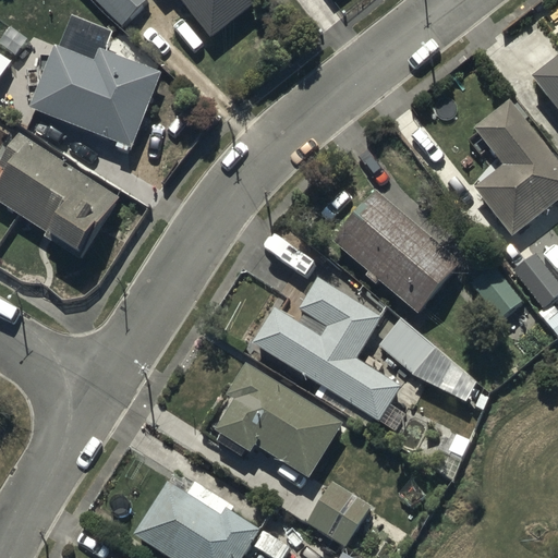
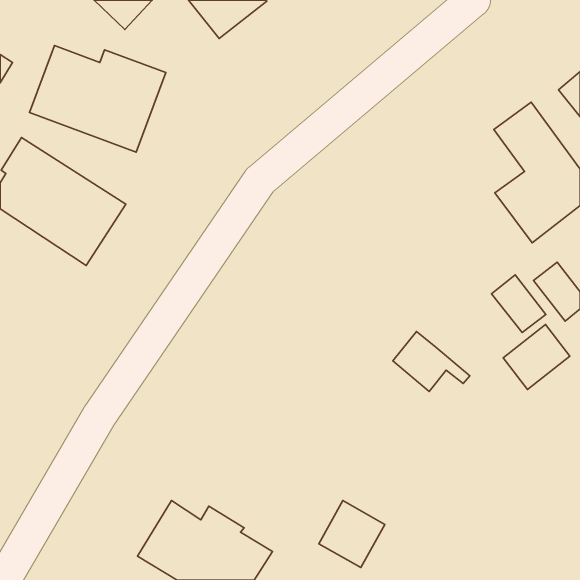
building: [331,190,460,313] -> none
building: [252,278,402,428] -> none
building: none -> [503,325,570,389]
building: [216,362,343,477] -> none

